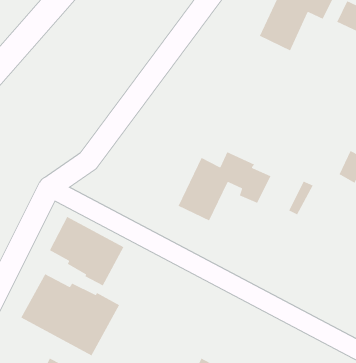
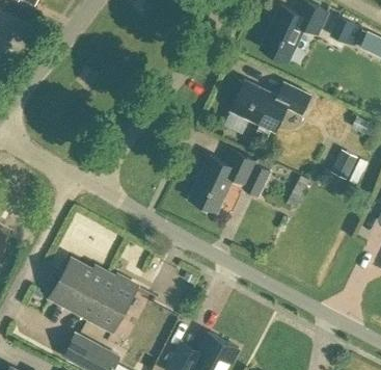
building: none -> [229,81,309,132]
building: [49,216,124,287] -> none

